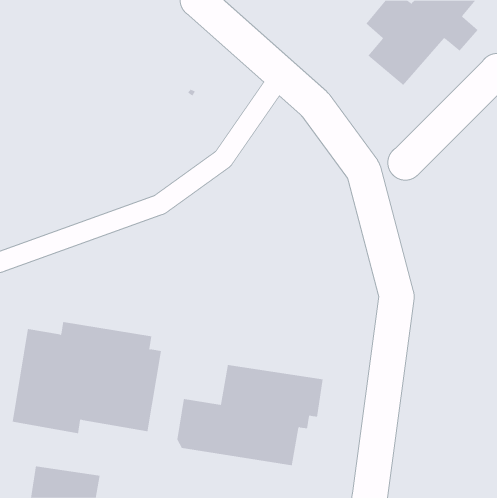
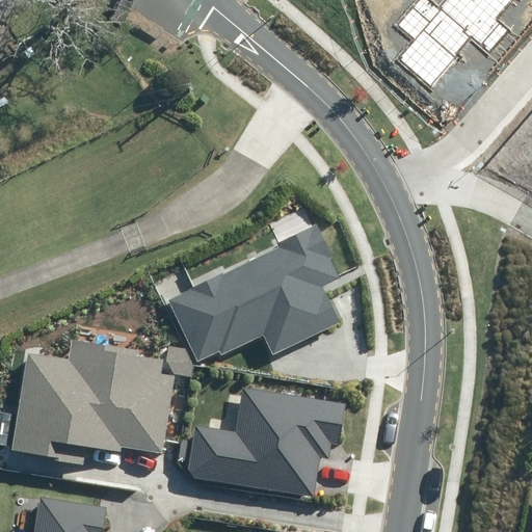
building: none -> [162,230,340,368]

